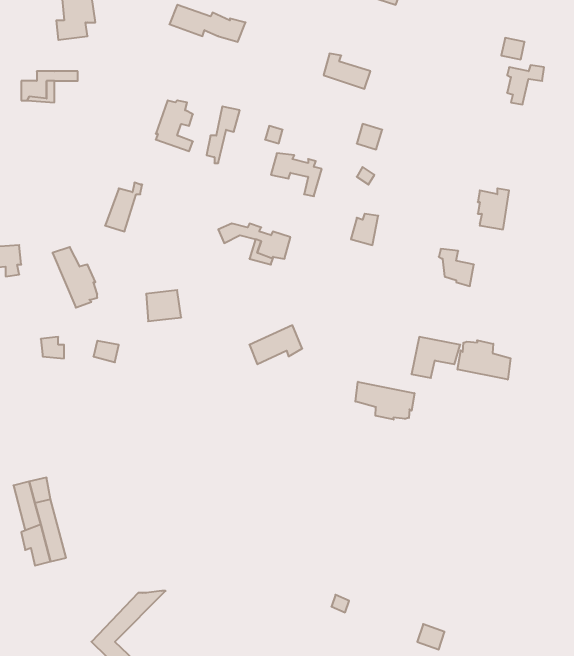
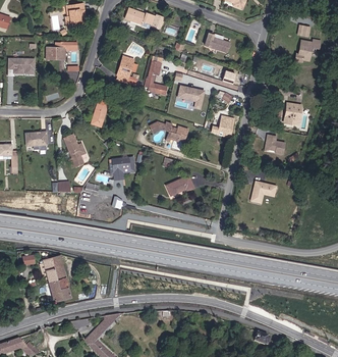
building: [458,340,511,380] -> none
building: [355,382,414,420] -> none

